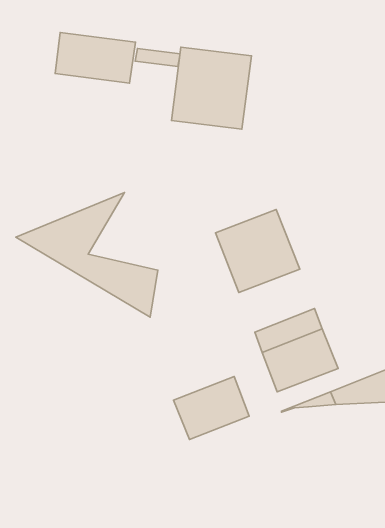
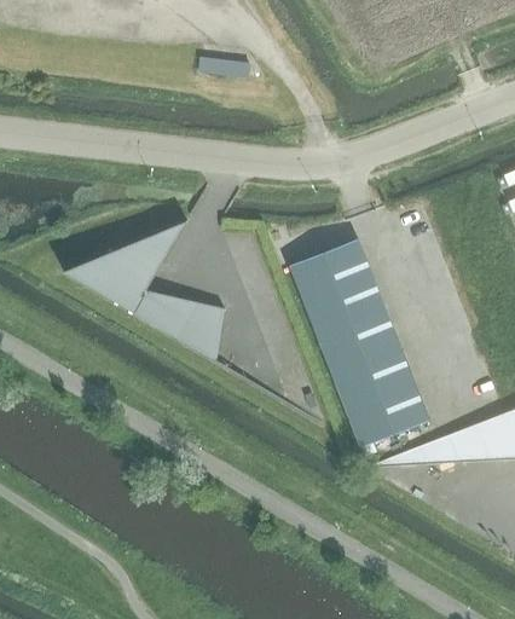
building: [55,33,135,83] -> none
building: [171,47,251,129] -> none
building: [173,377,249,440] -> [316,307,401,378]

